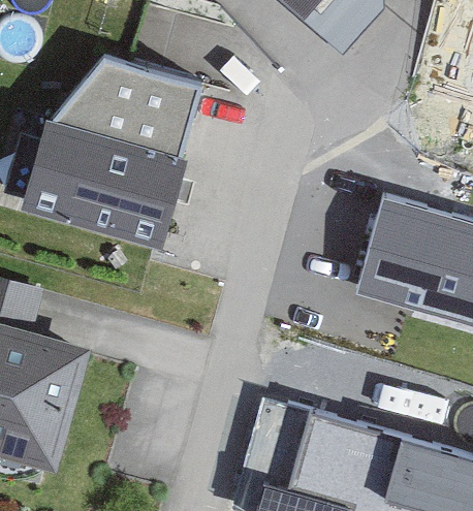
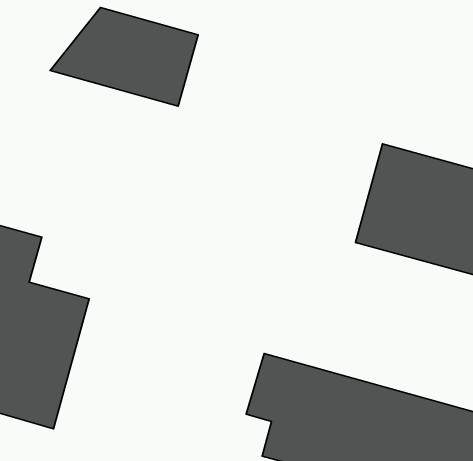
building: [19,121,185,251] -> none

